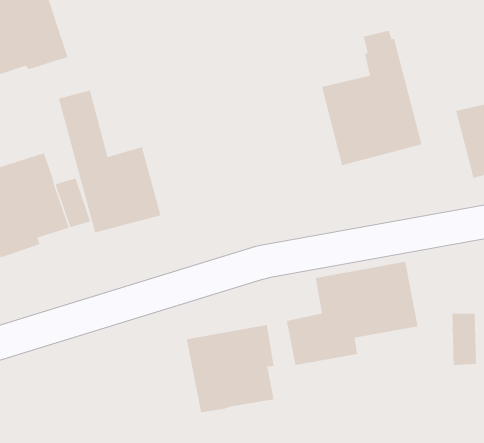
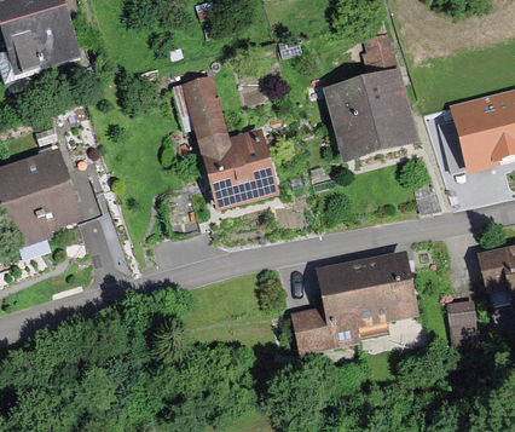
building: [58,89,161,233] -> [181,75,280,213]
building: [186,324,275,413] -> none

